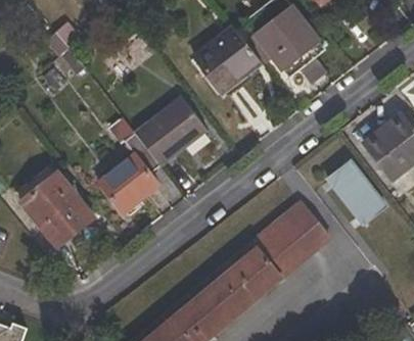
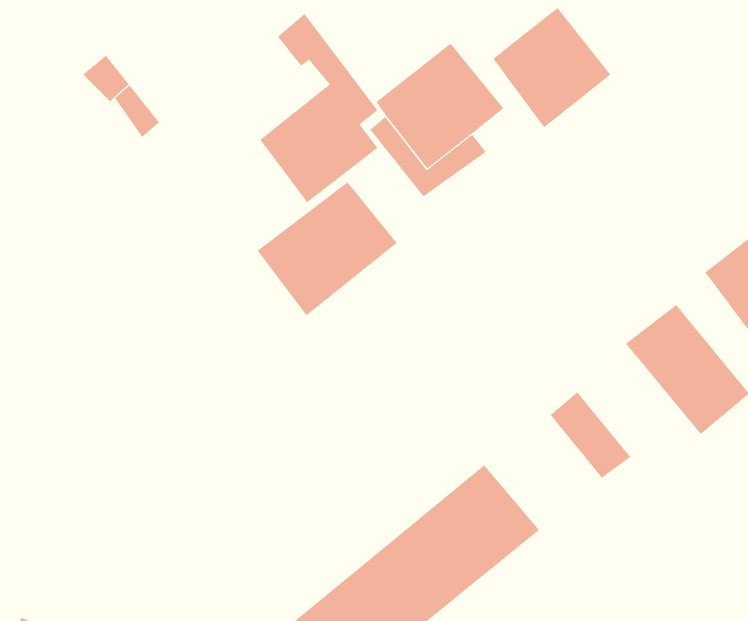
building: [98,116,159,214] -> [259,13,378,203]
building: [21,173,94,246] -> none
building: [251,217,312,277] -> none

